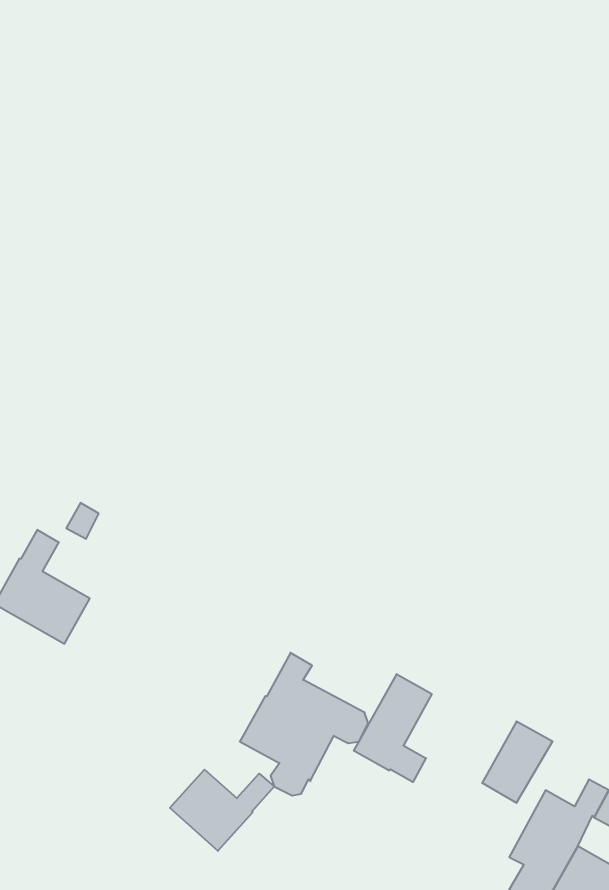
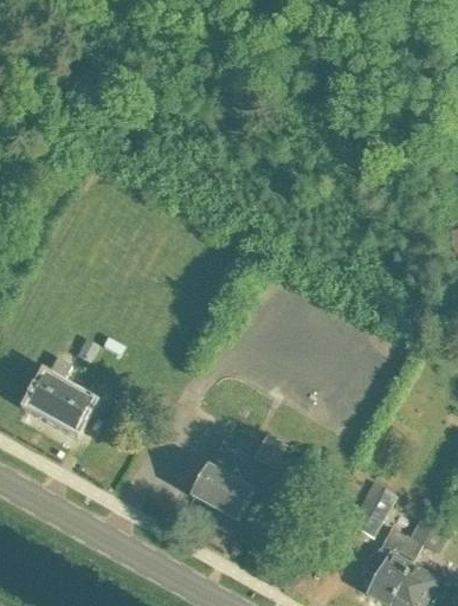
building: [354,674,432,782] -> none
building: [170,770,274,851] -> none

